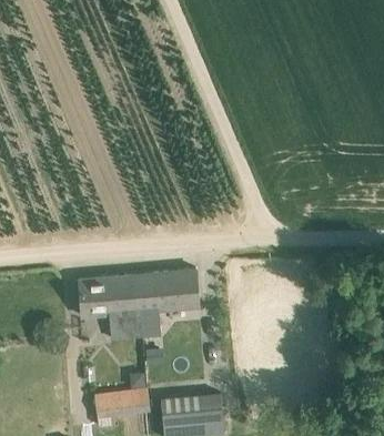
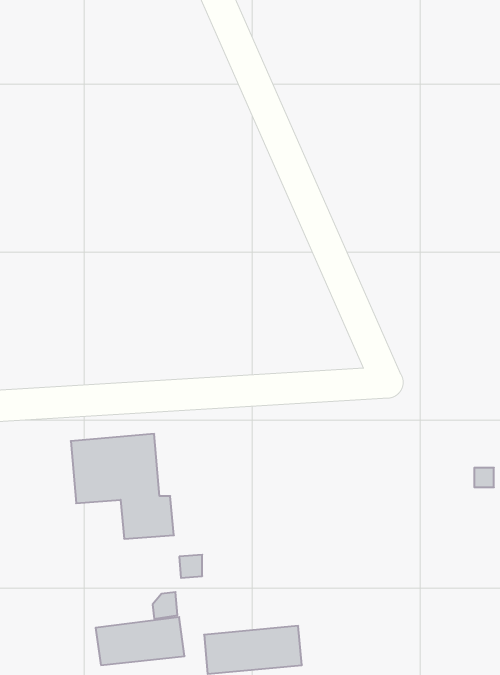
building: [131,270,199,338] -> none

